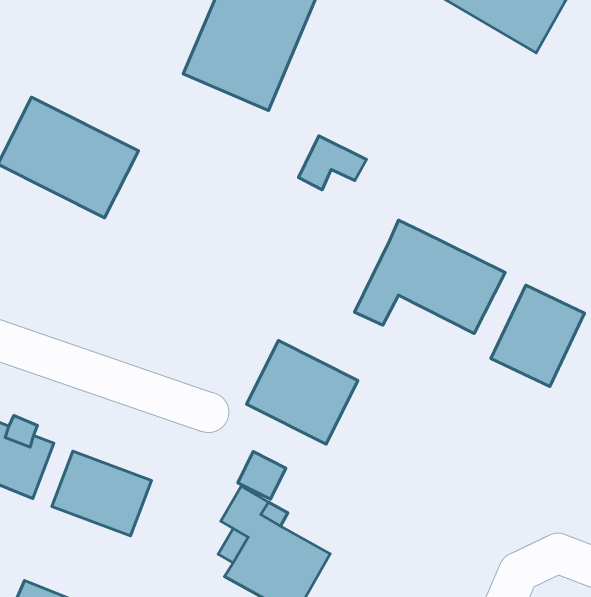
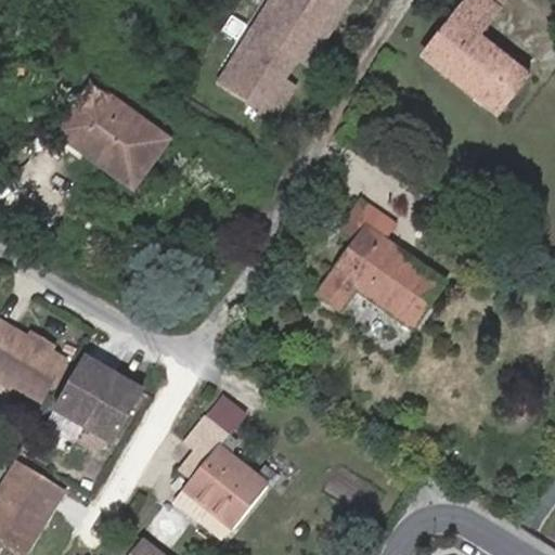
building: [298,136,366,190] -> [338,198,395,242]
building: [491,285,585,386] -> none
building: [247,340,358,444] -> none

